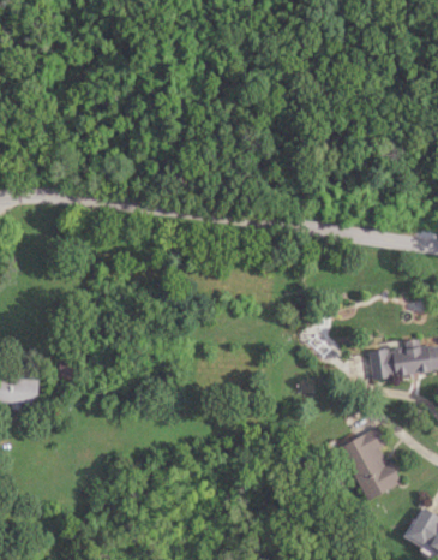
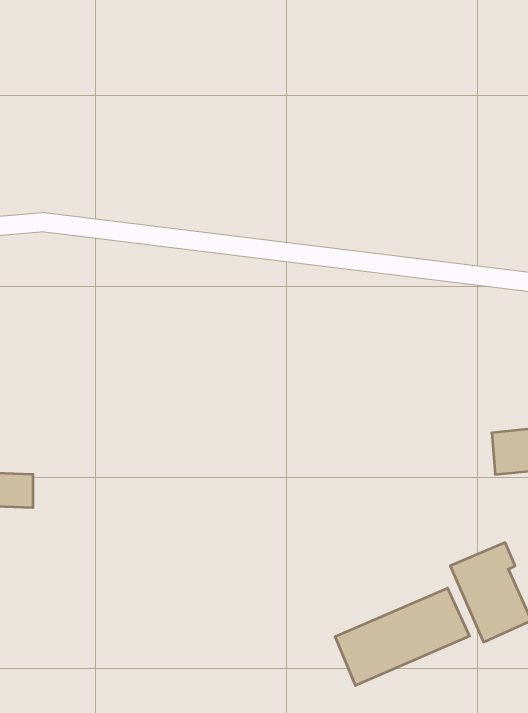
building: none -> [335,588,470,686]

